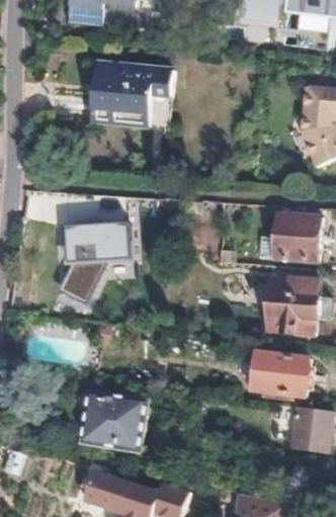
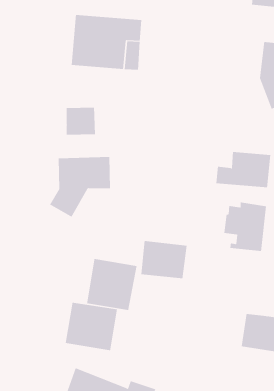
building: none -> [66,107,95,136]
building: none -> [86,258,137,311]
building: [252,355,307,400] -> [140,240,187,279]

